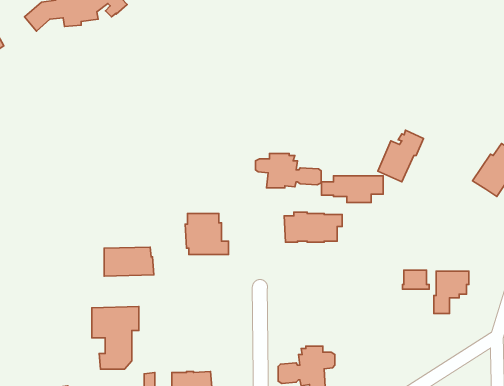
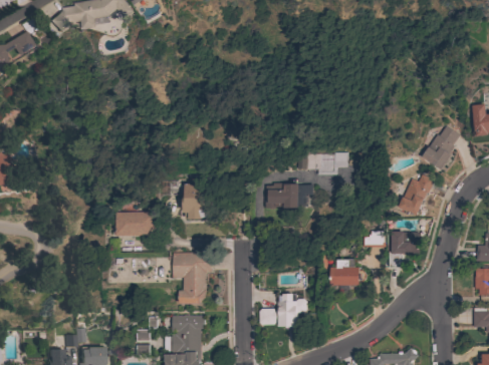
building: [378,130,424,182] -> [398,172,436,216]
building: [255,154,321,188] -> none
building: none -> [331,259,366,287]
building: [92,306,139,369] -> [174,252,213,304]

